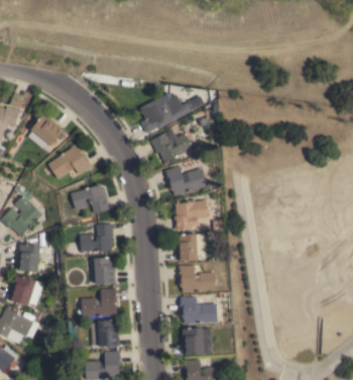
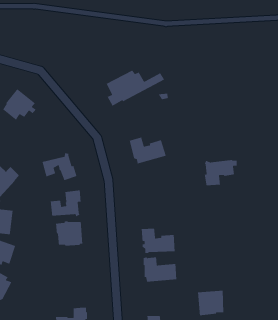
building: [150,129,192,163] -> none
building: [48,145,93,179] -> none
building: [174,200,211,229] -> [204,159,237,186]
building: [176,233,199,262] -> none
building: [82,288,117,317] -> none
building: [91,320,120,348] -> none
building: [183,327,212,356] -> [197,290,224,316]

